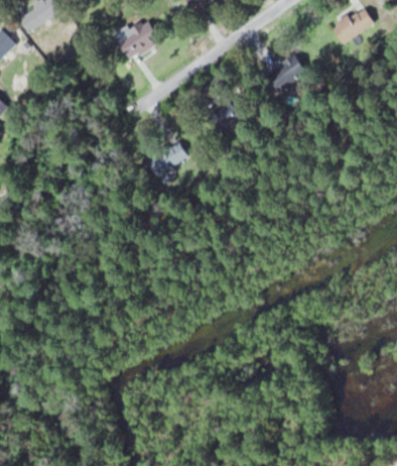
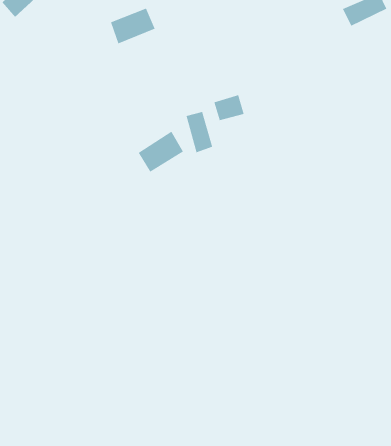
building: [266,54,306,93] -> none
building: none -> [186,111,213,153]

